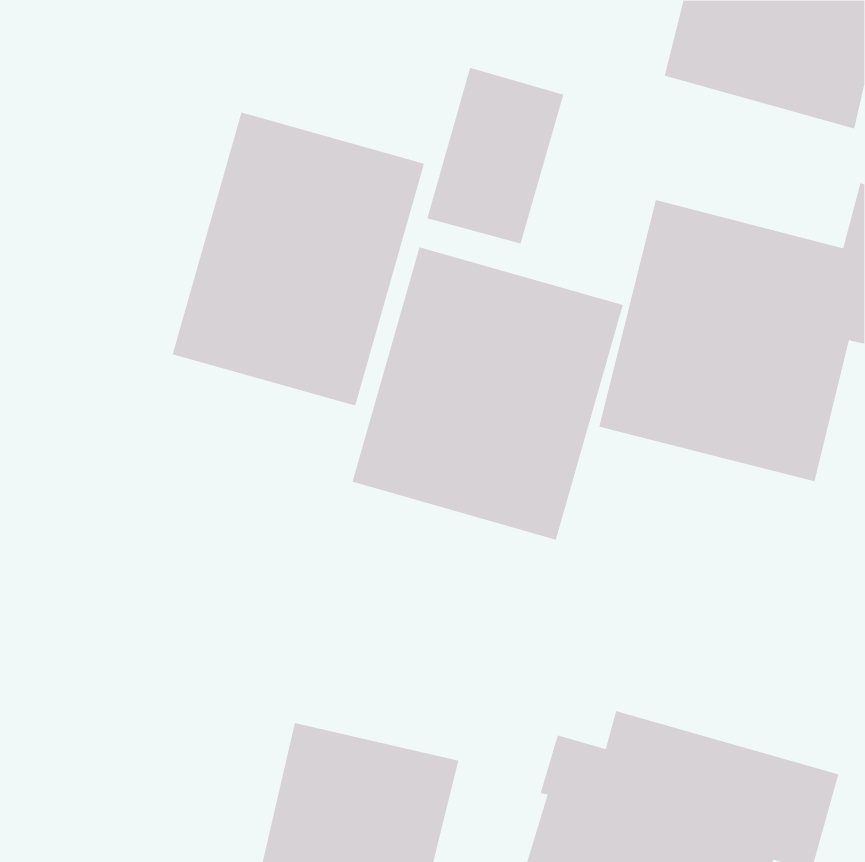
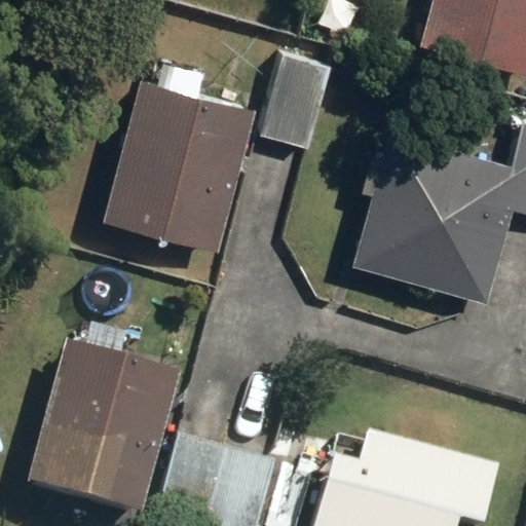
building: [352,247,624,540] -> none
building: none -> [31,328,181,515]

